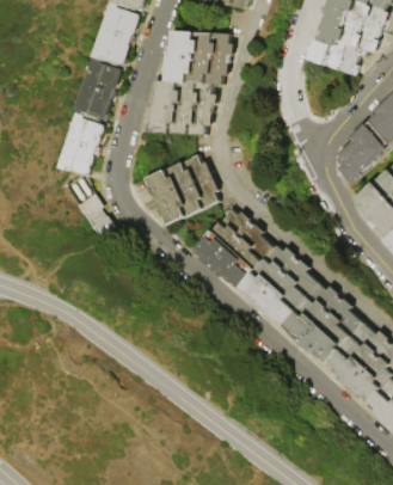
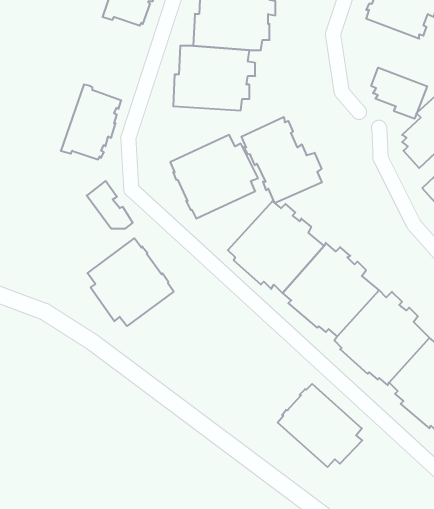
building: [72,57,121,121] -> none
building: none -> [371,68,427,119]
building: none -> [242,117,322,203]
building: none -> [87,238,174,326]
building: none -> [278,384,362,467]

